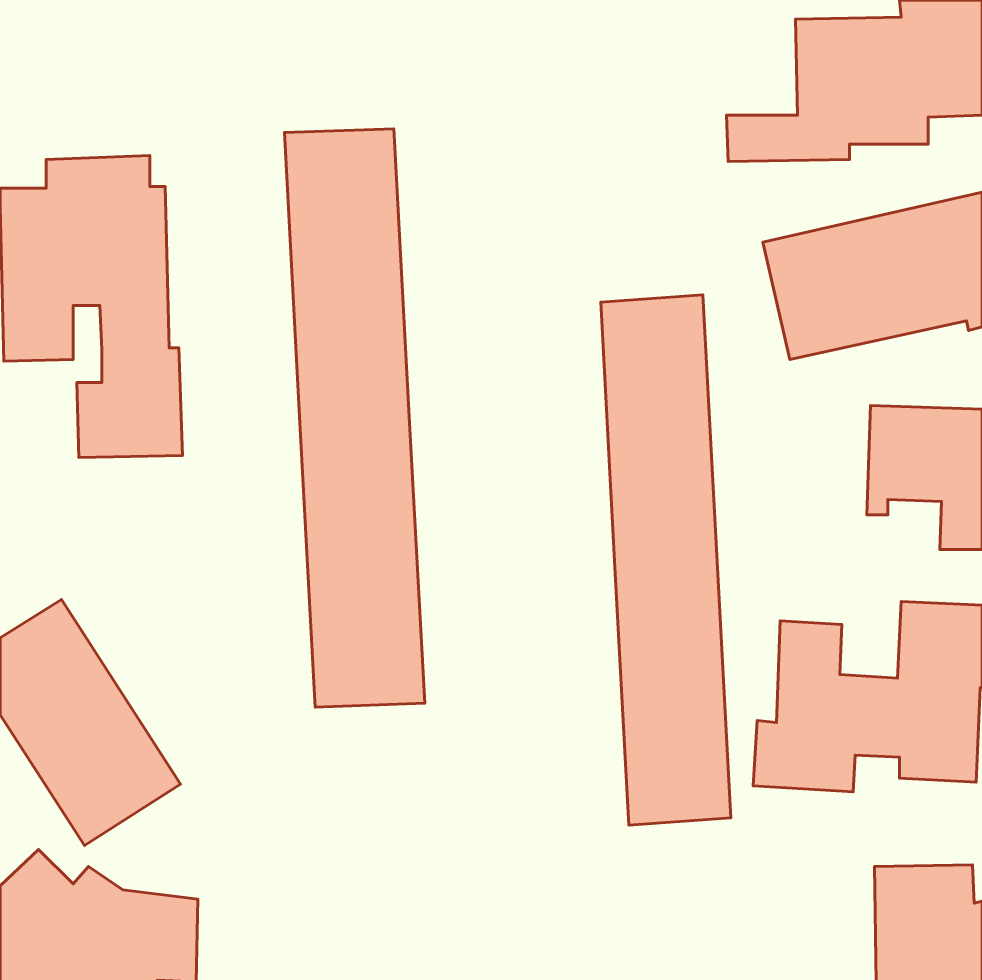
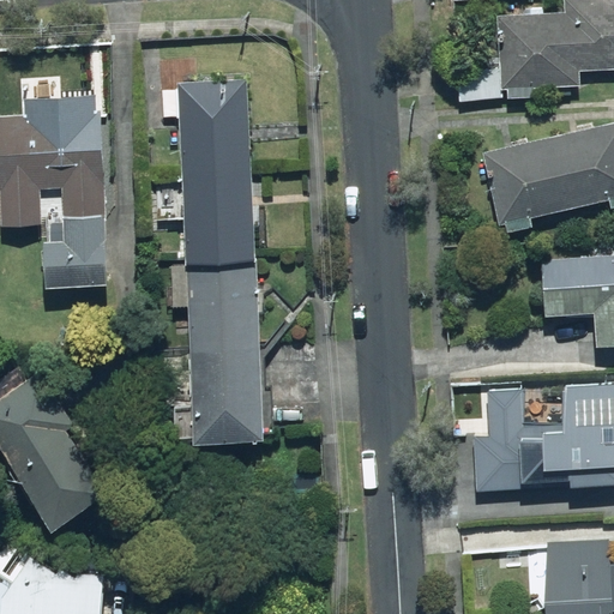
building: [601,295,731,825] -> none

